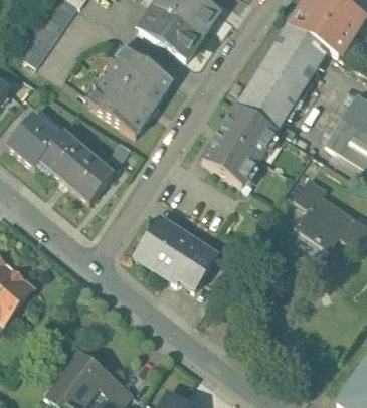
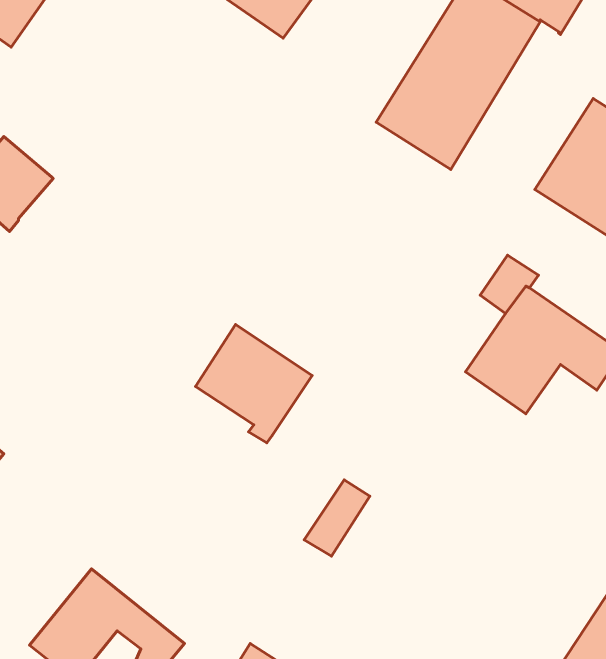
building: [88,48,172,134] -> none
building: [203,105,278,185] -> none
building: [40,130,114,201] -> none
building: [180,244,216,286] -> [304,480,370,556]

